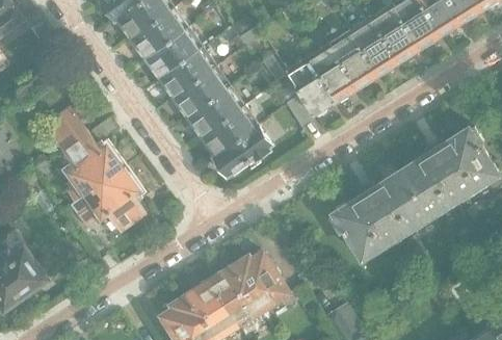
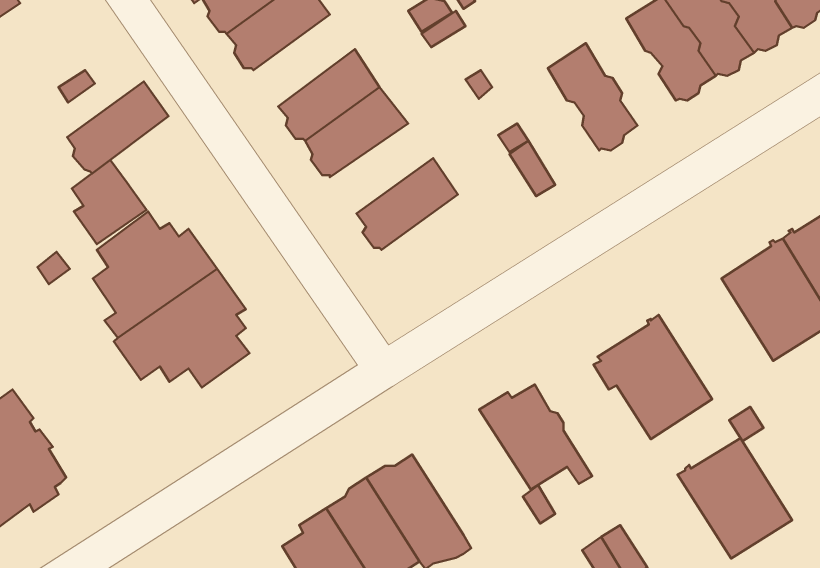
building: [146,27,201,77] -> [67,82,169,173]
building: [326,29,375,87] -> none
building: [284,56,334,114] -> none
building: [187,86,243,135] -> none
building: [211,125,270,177] -> none
building: [366,171,428,236] -> [678,438,792,558]
building: [232,253,293,310] -> [479,384,592,490]

